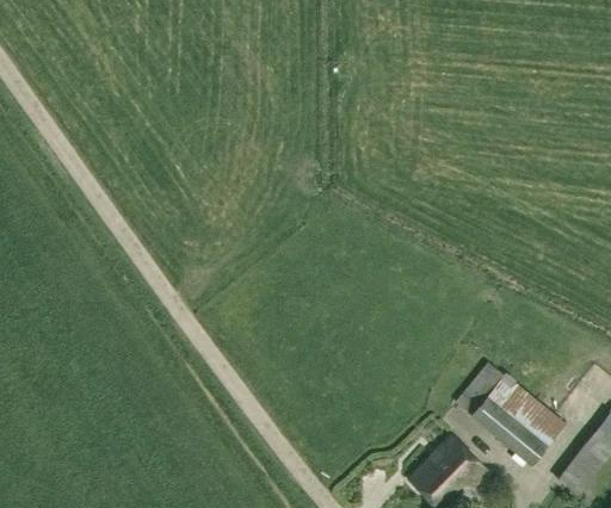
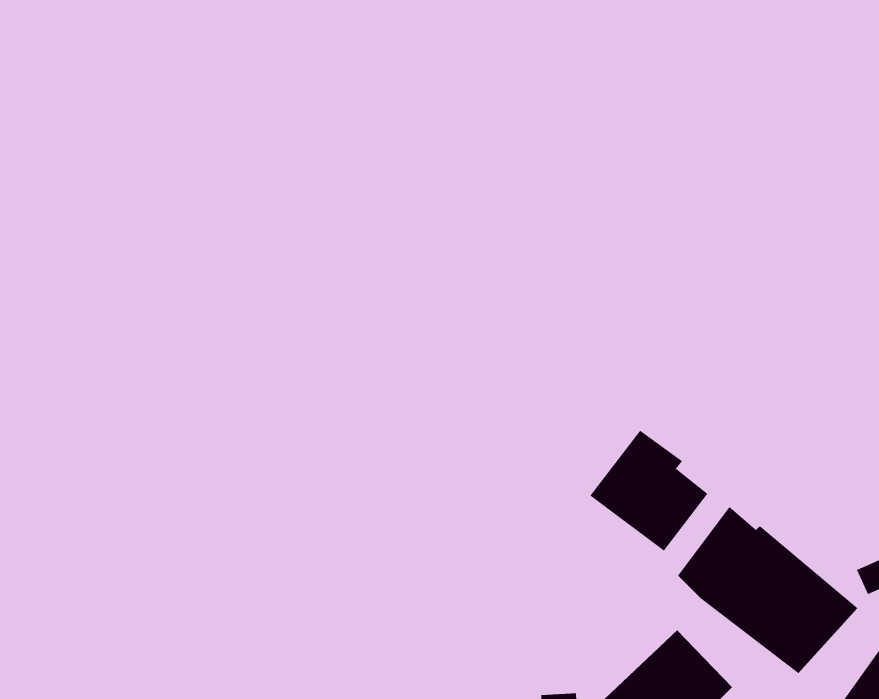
building: none -> [590,430,708,551]

